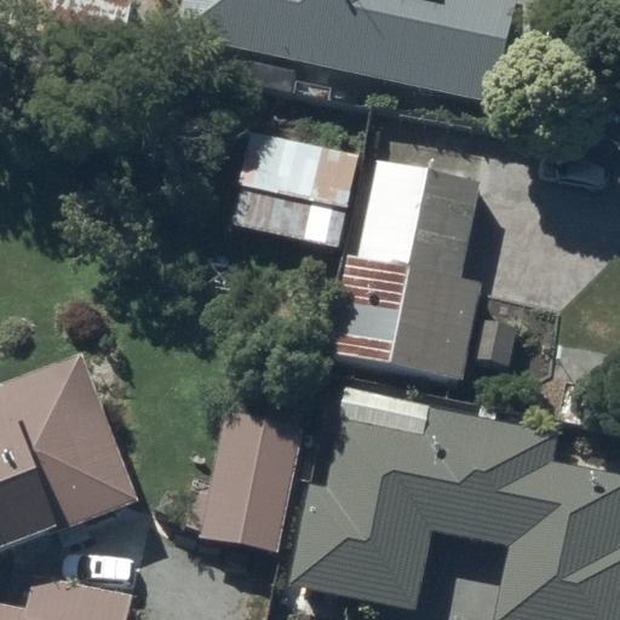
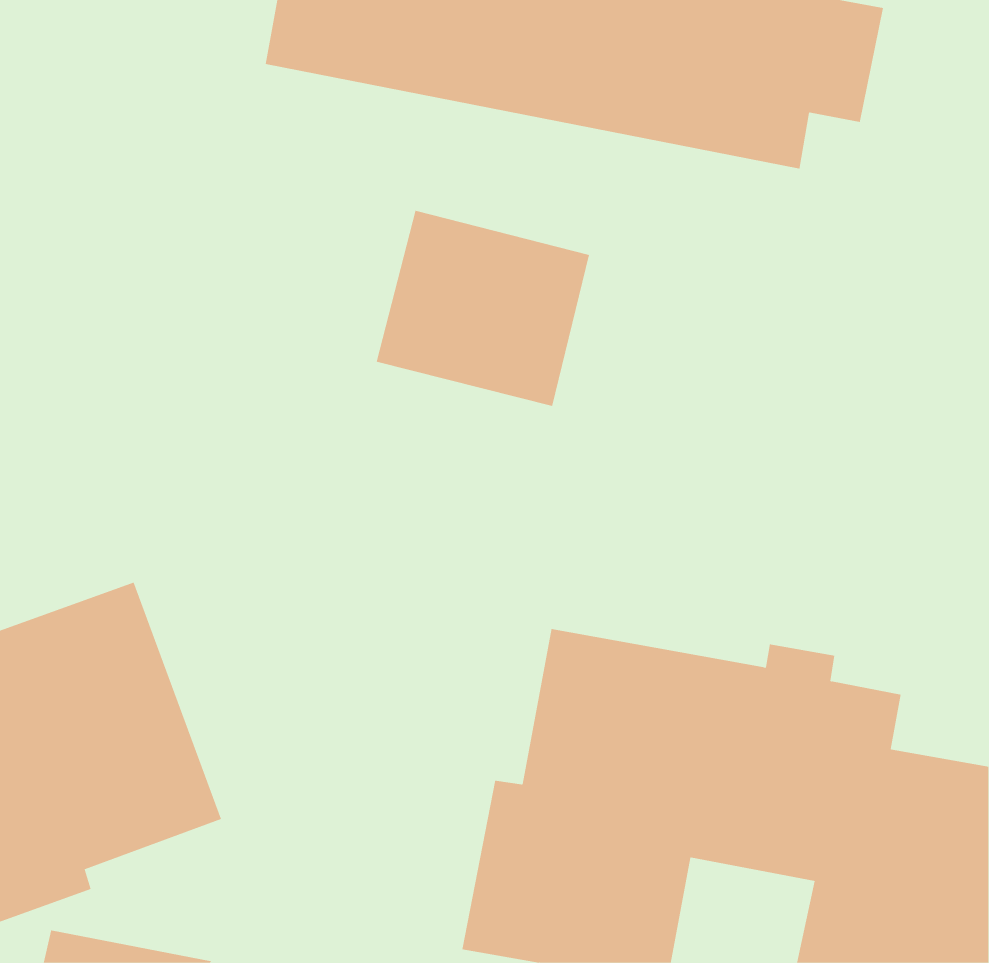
building: [326,156,513,378] -> none
building: [185,396,303,555] -> none

